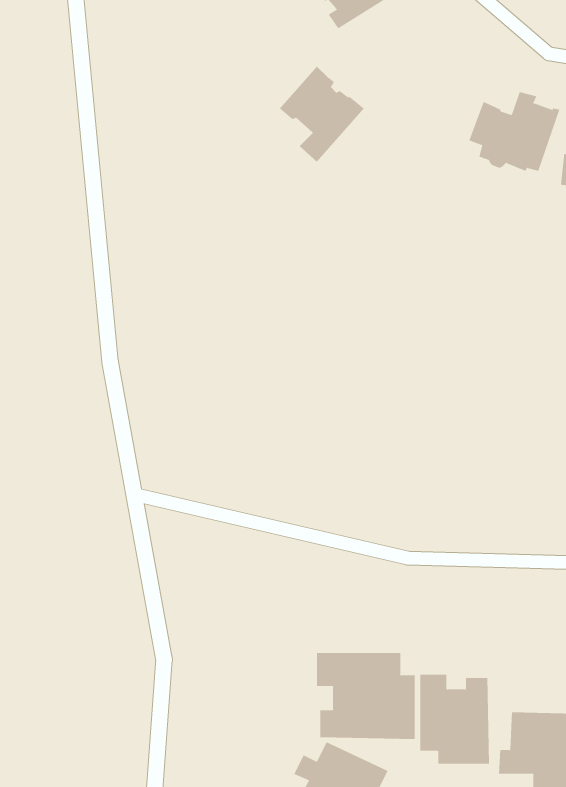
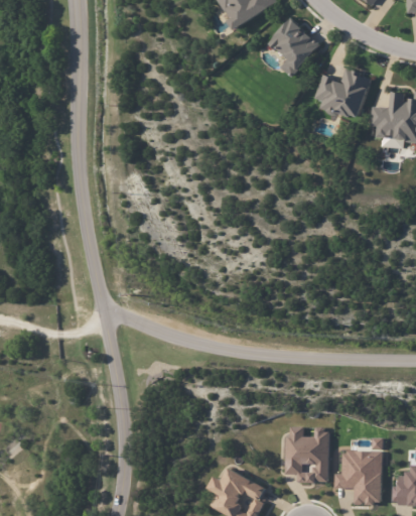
building: [279,66,364,162] -> [269,18,321,78]
building: [316,652,415,740] -> none

